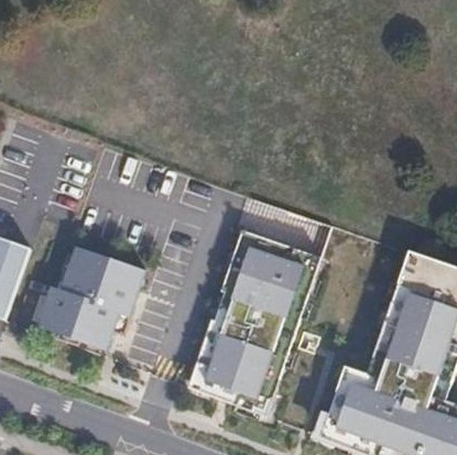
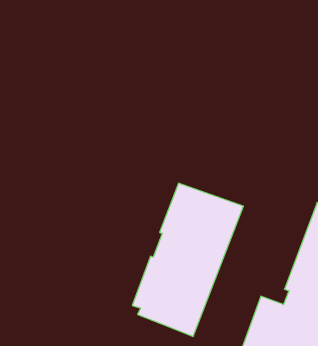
building: [36,245,137,344] -> none

